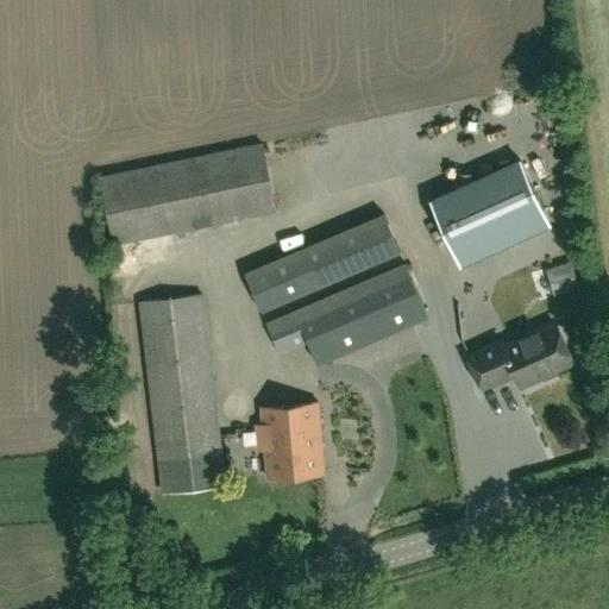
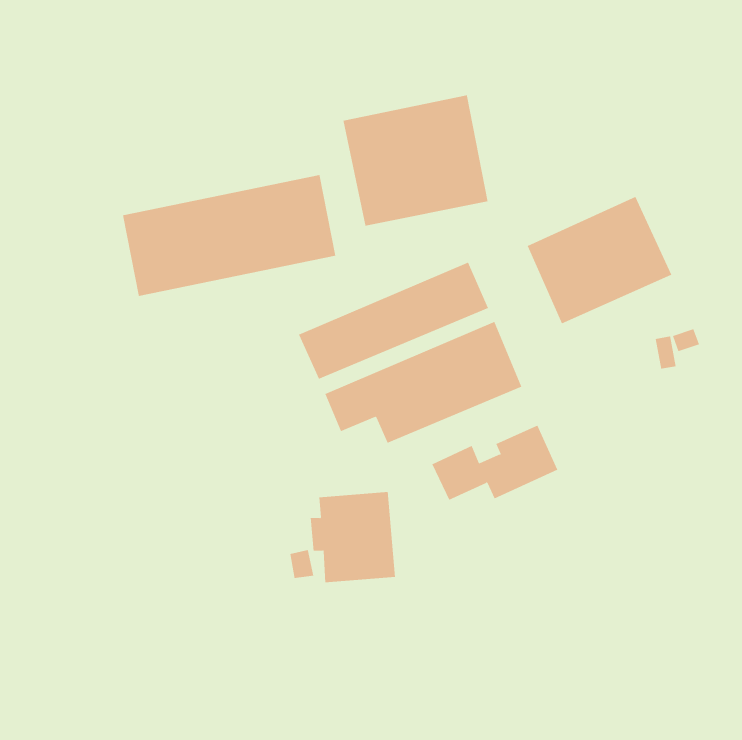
building: none -> [343,94,488,226]
building: [140,296,224,495] -> none
building: [467,326,571,388] -> [431,425,558,500]

